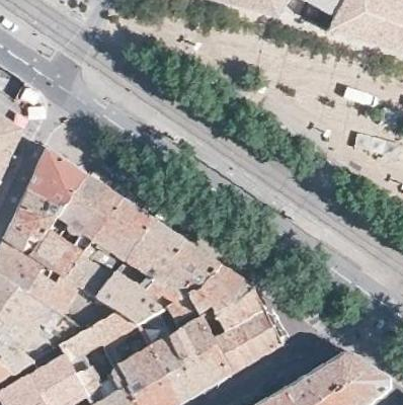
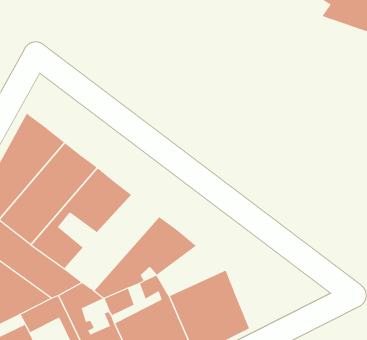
building: [96,221,185,317] -> none
building: [187,266,254,317] -> none

